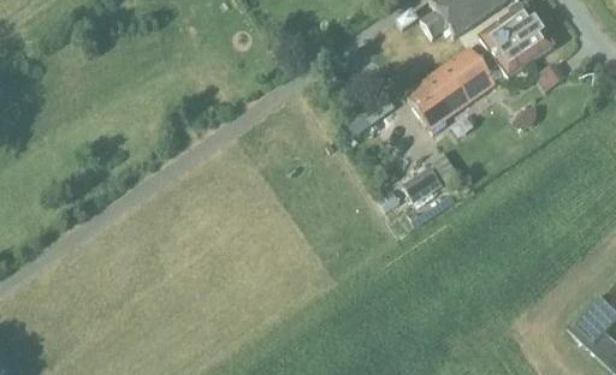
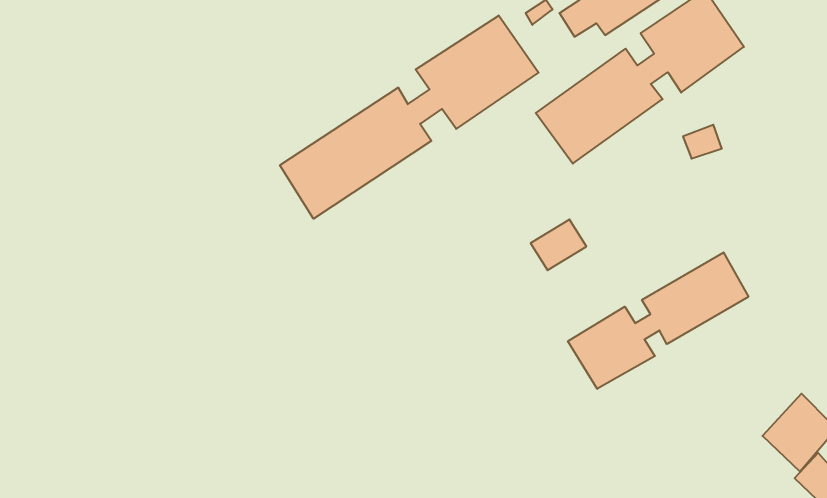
building: none -> [280,15,539,219]
building: none -> [568,252,748,389]

